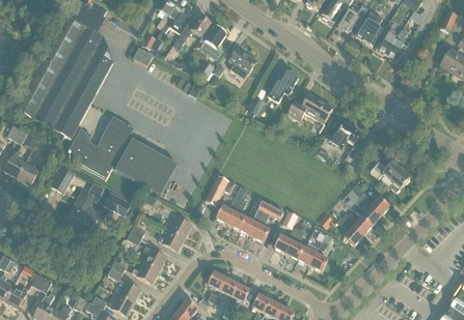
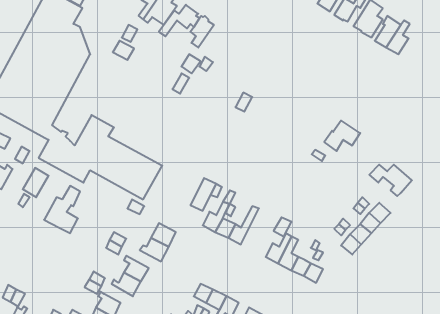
building: [228,46,256,78] -> none
building: [268,69,298,100] -> none
building: [286,92,332,122] -> none
building: [103,191,132,215] -> none
building: [251,202,283,241] -> none

